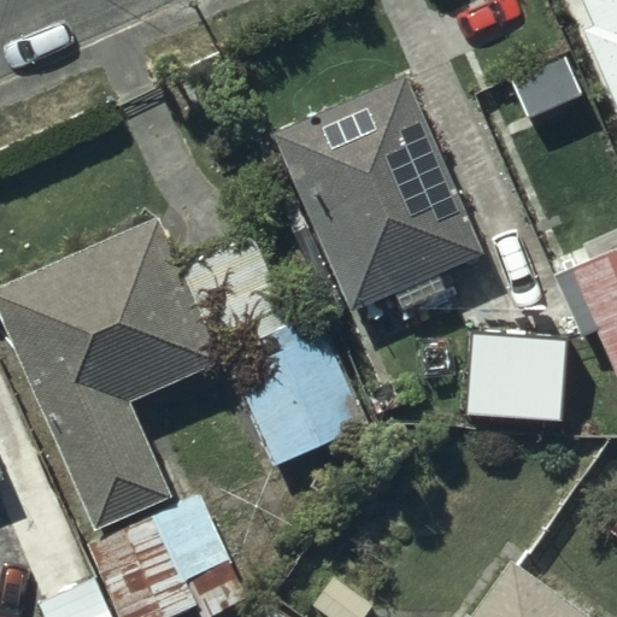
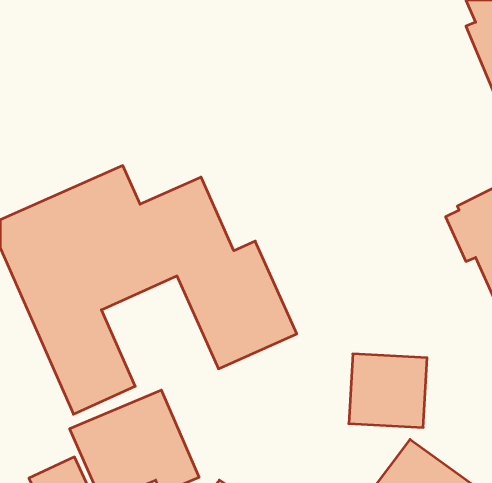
building: [274,80,483,312] -> none
building: [466,329,564,421] -> [349,354,427,427]

